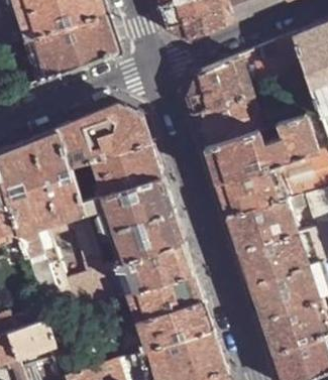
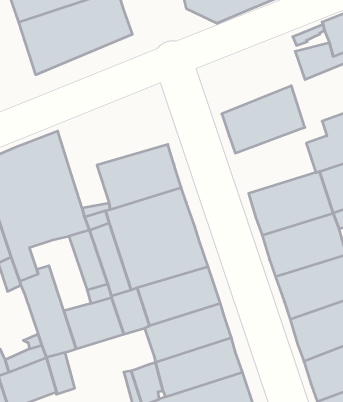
building: [188,55,251,116] -> none
building: [59,105,149,165] -> none
building: [205,128,271,181] -> none

